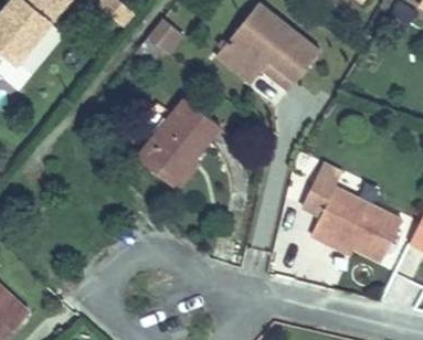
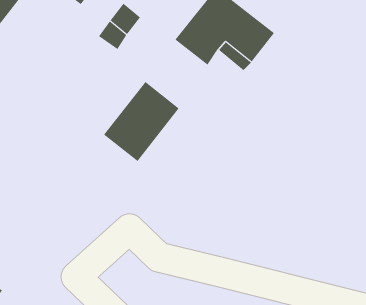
building: [308,180,408,263] -> none

